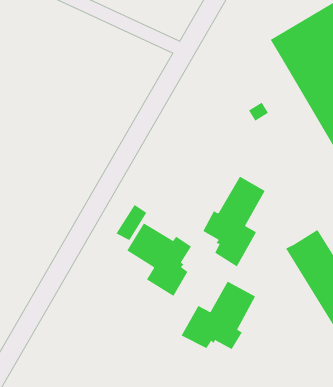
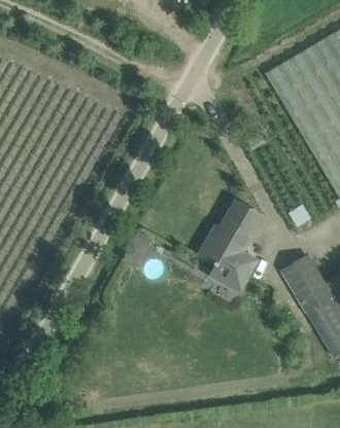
building: [126,223,192,297] -> none
building: [181,281,256,350] -> none

